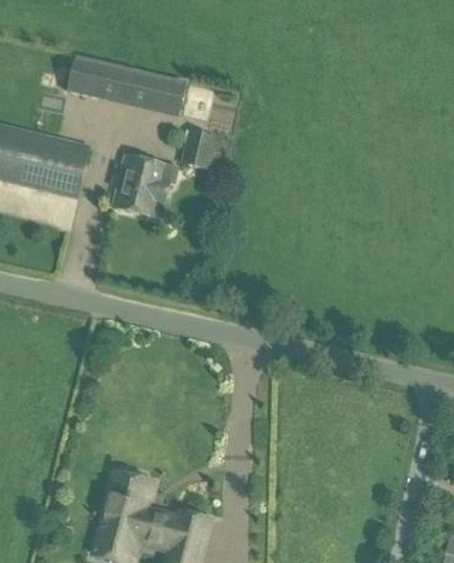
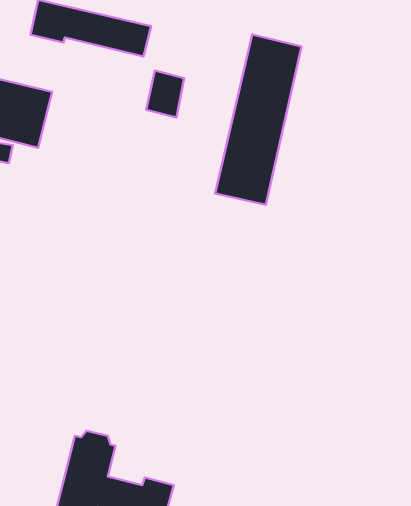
building: none -> [215,34,301,205]
building: [113,154,175,218] -> none

